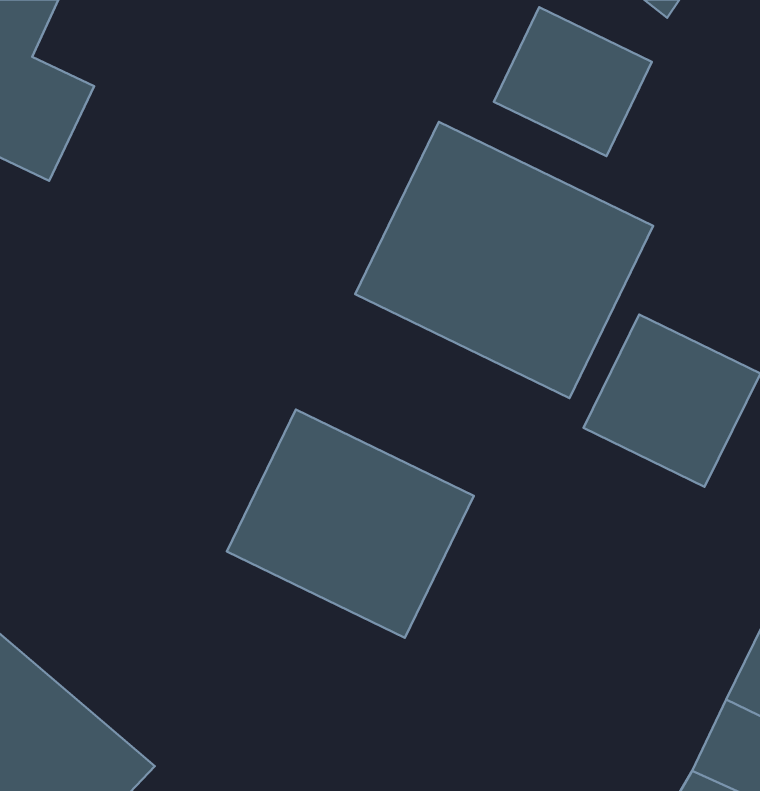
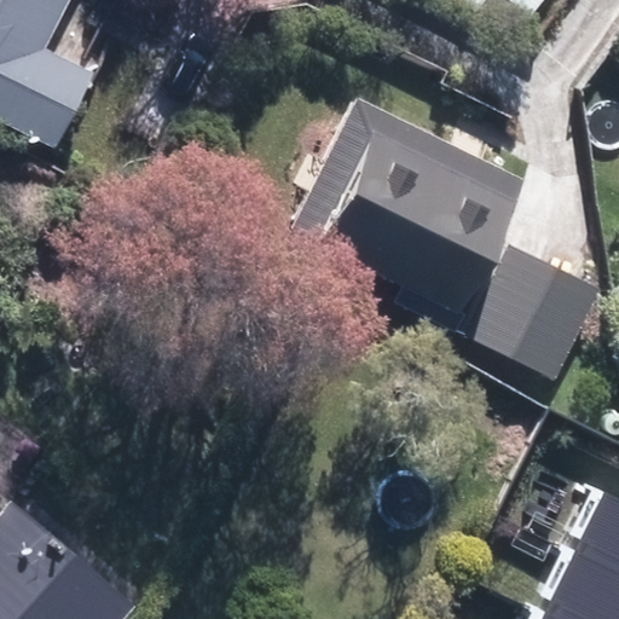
building: [494,7,652,156] -> none
building: [227,409,474,638] -> none

